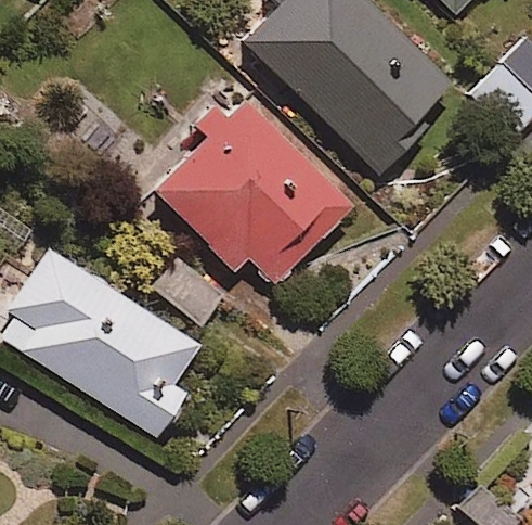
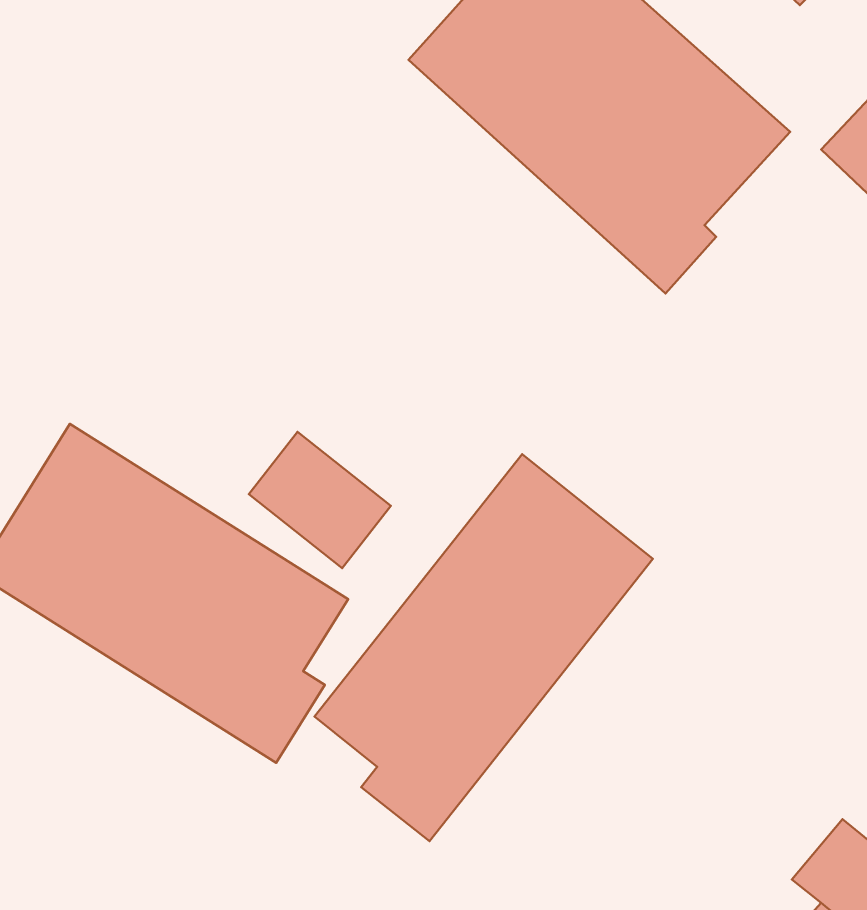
building: [154,94,353,282] -> none
building: none -> [314,454,653,841]

